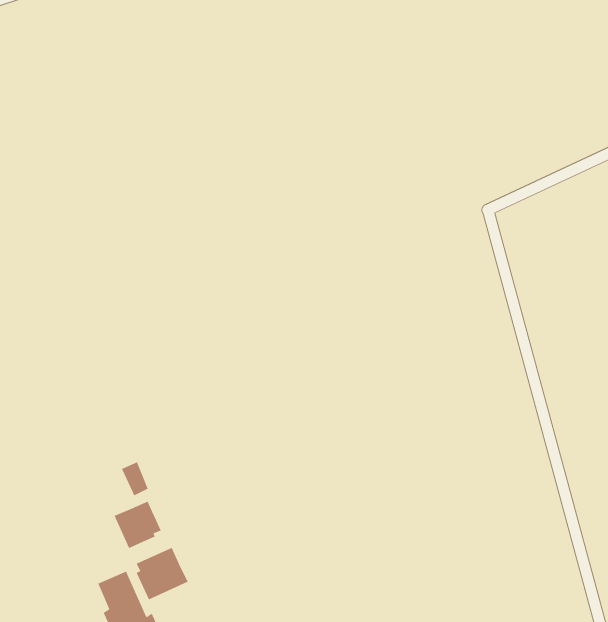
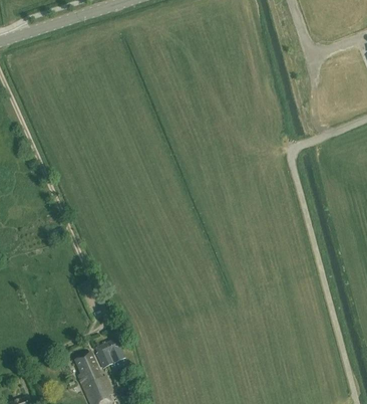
building: [114,501,161,549] -> none

